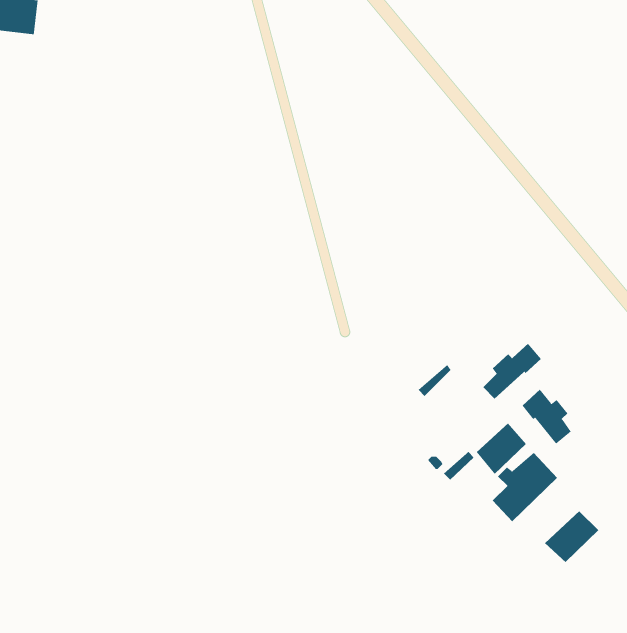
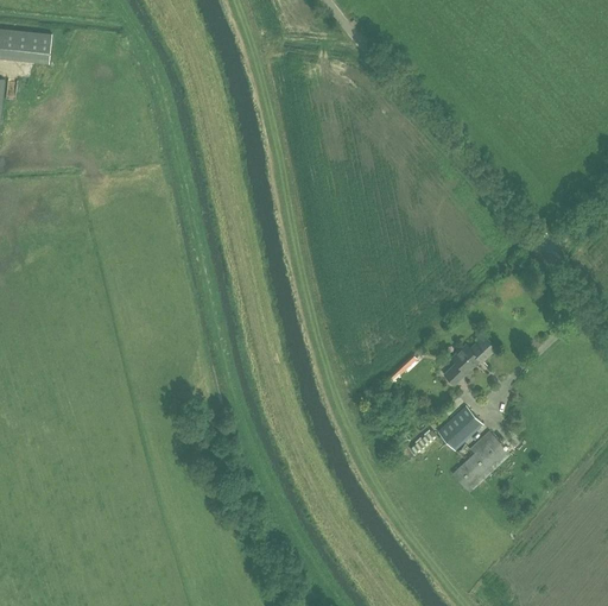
building: [522,389,572,444] -> none
building: [544,510,599,563] -> none

